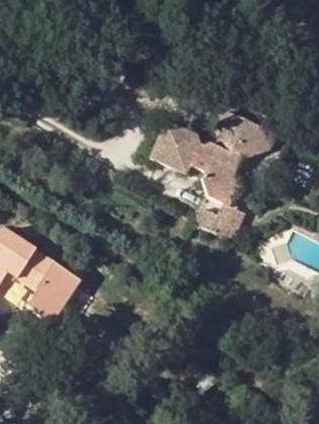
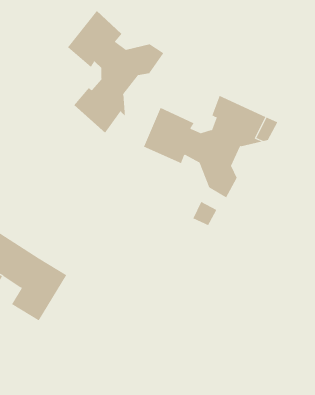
building: none -> [67,10,164,133]

